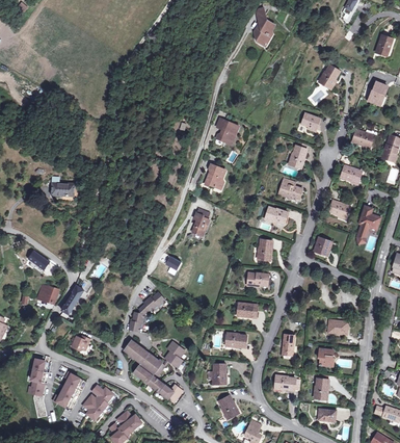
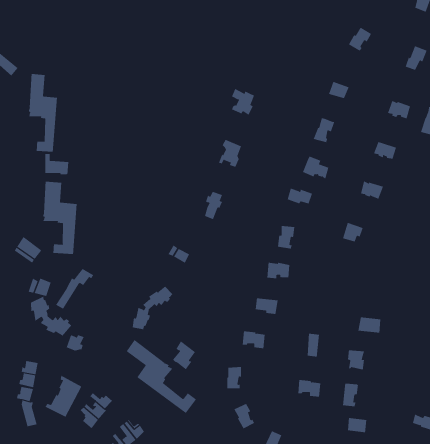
building: none -> [28,73,57,153]
building: none -> [42,181,77,255]
building: [357,207,380,243] -> none
building: none -> [30,296,72,337]

